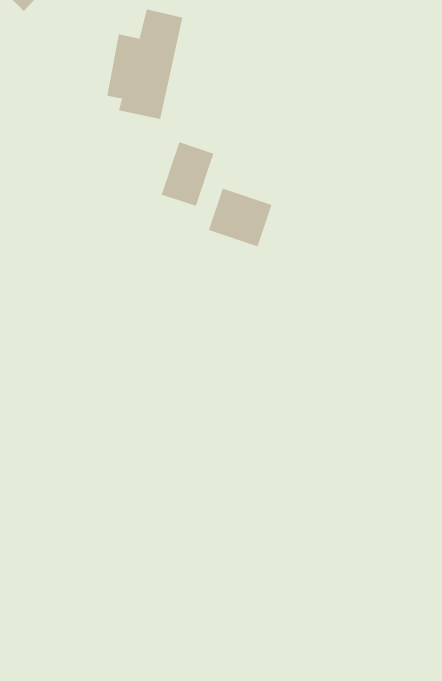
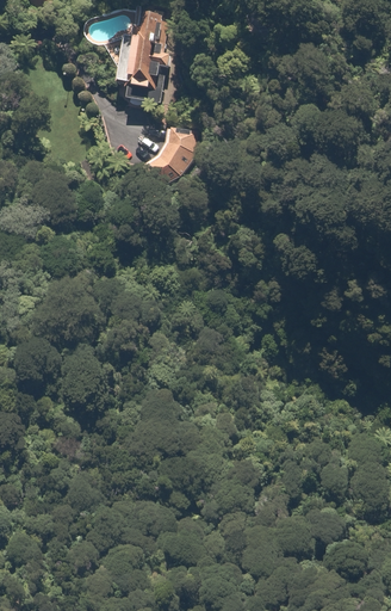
building: [208,188,272,247] -> none

